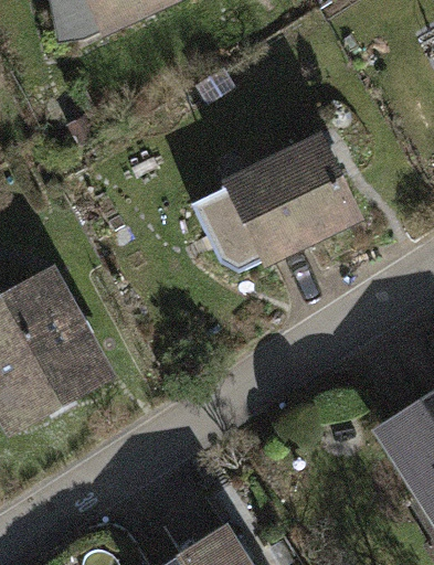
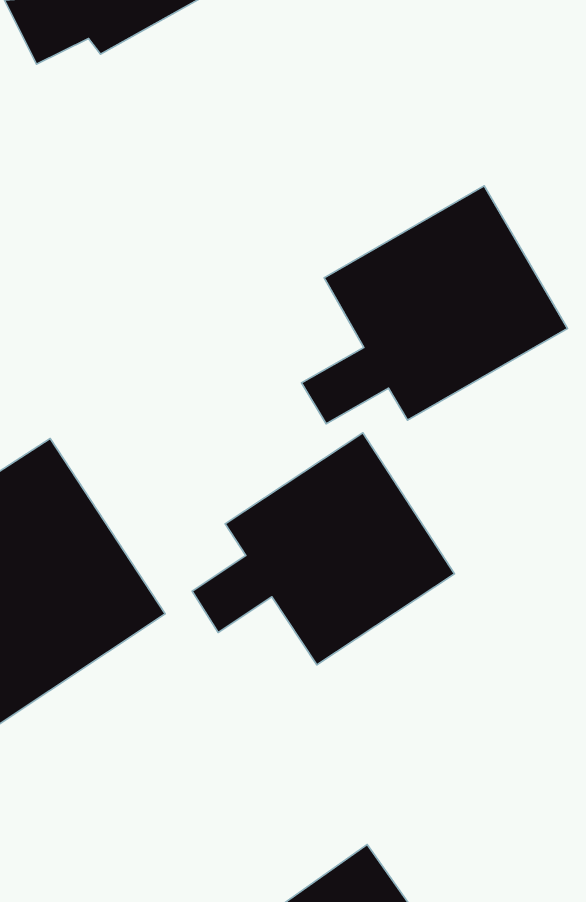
building: none -> [192,433,454,665]

